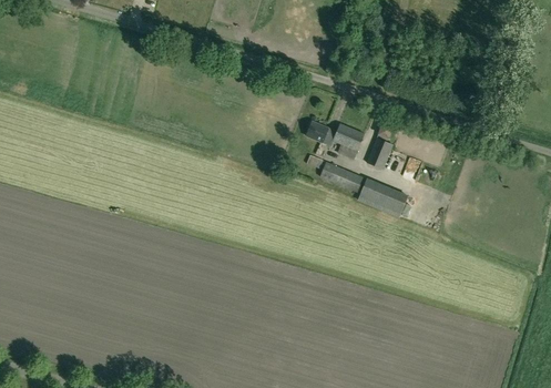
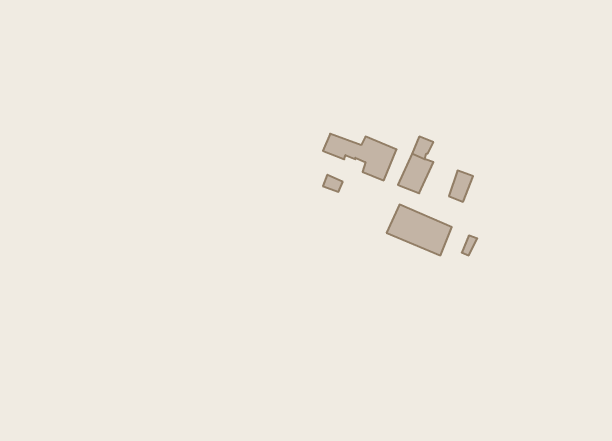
building: [319,162,364,192] -> none

